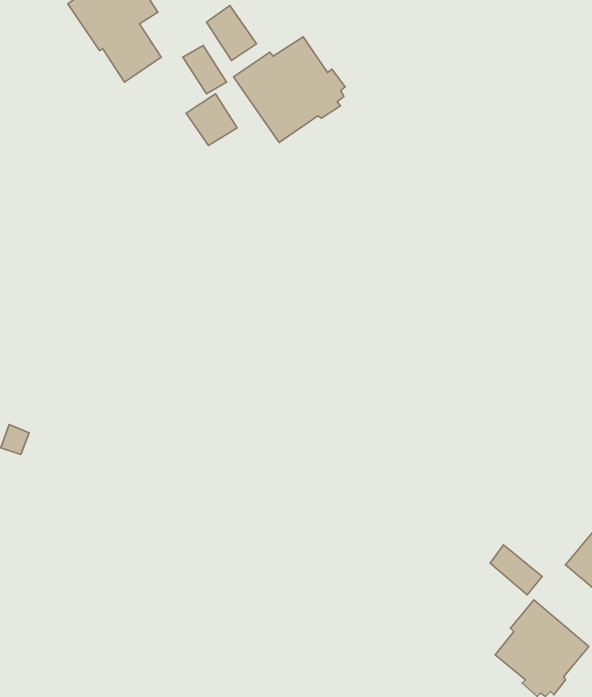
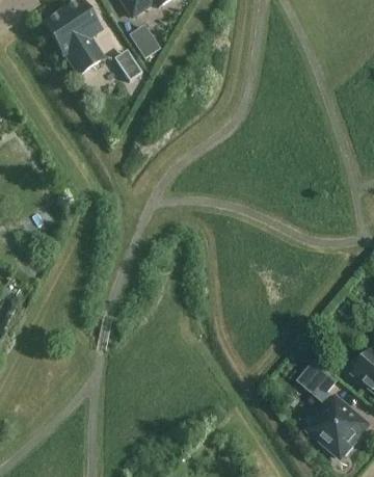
building: [233,37,345,142] -> none
building: [186,94,237,145] -> none

